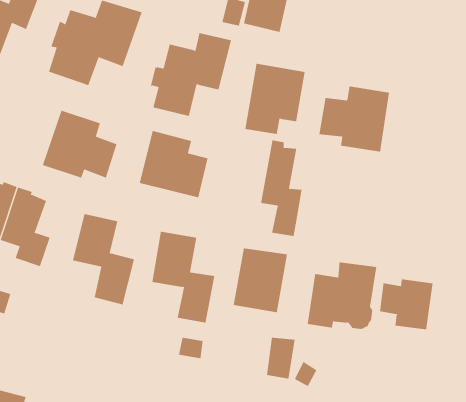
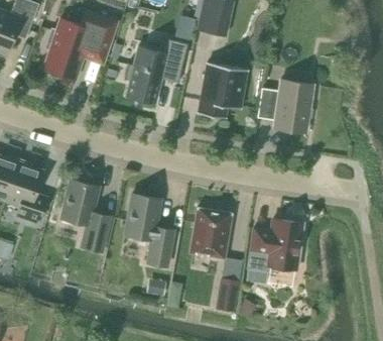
building: [42,110,117,179] -> none
building: [139,130,208,198] -> none
building: [261,139,302,237] -> none
building: [380,279,433,330] -> none

